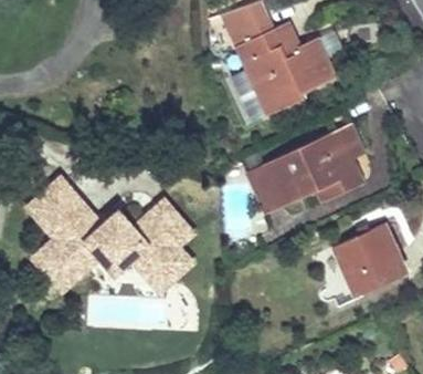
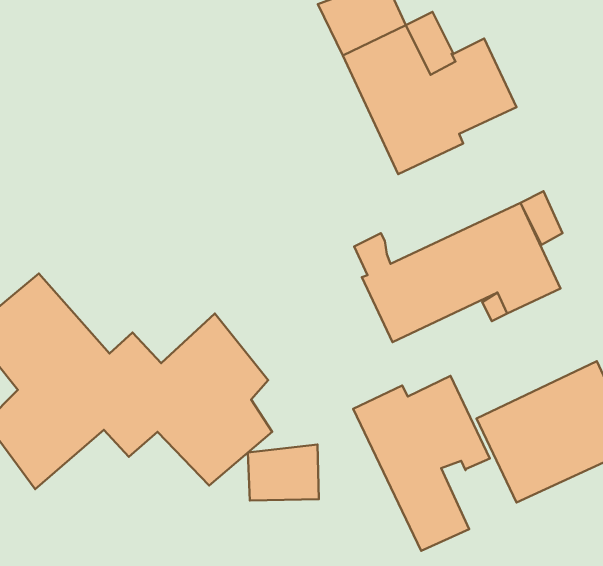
building: none -> [353,376,490,551]
building: none -> [248,445,319,501]

